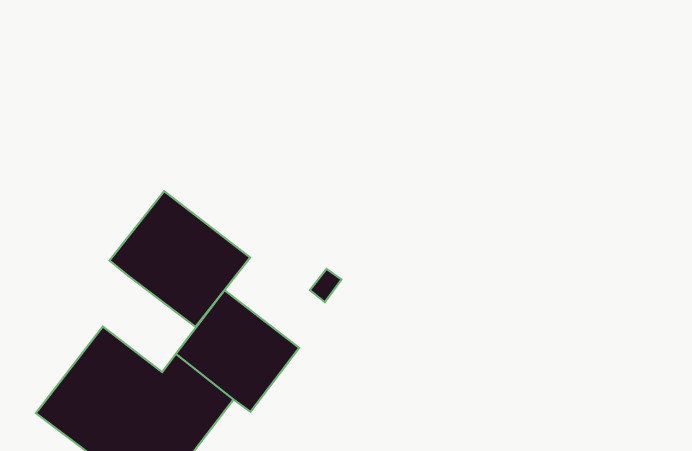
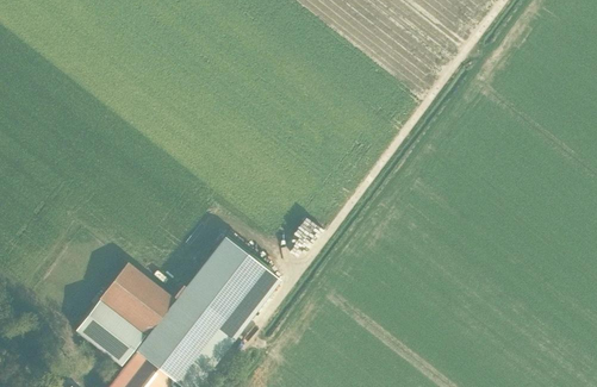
building: [110,191,250,327] -> none

